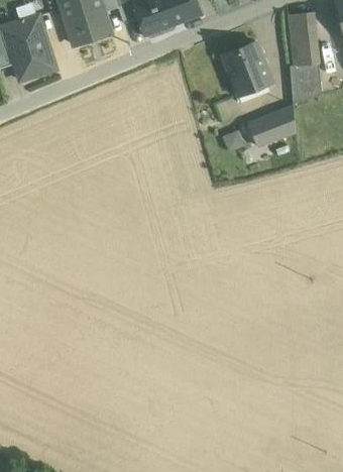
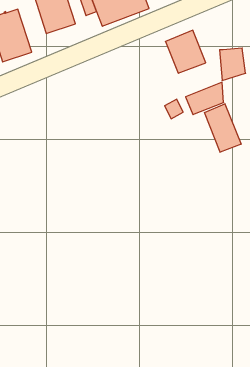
building: [288,11,318,66] -> none
building: none -> [205,104,241,152]

